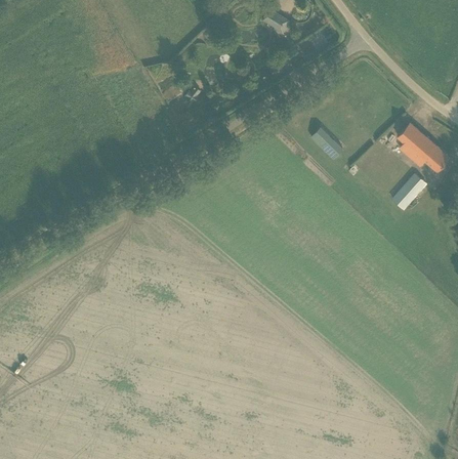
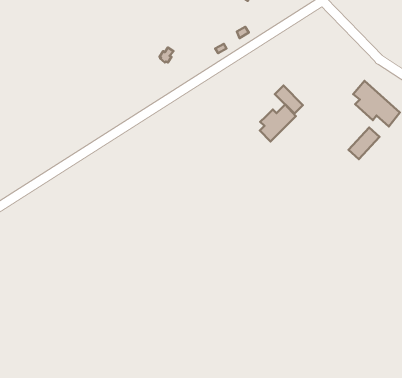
building: none -> [260,104,296,142]

